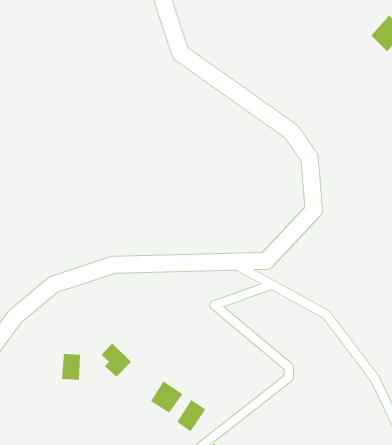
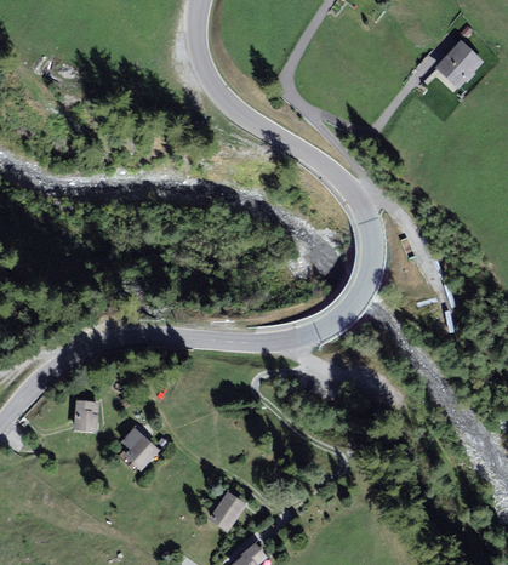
building: [61,353,81,380] -> [74,401,97,433]
building: [150,381,183,413] -> none

